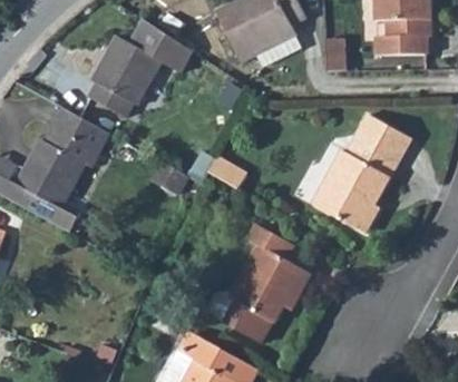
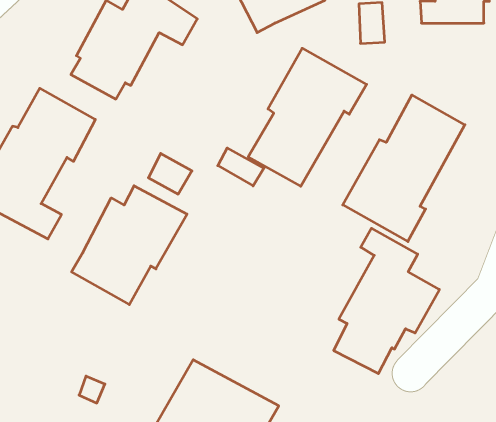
building: none -> [248,48,367,186]
building: none -> [72,186,187,305]
building: [224,223,311,342] -> [334,228,439,374]

